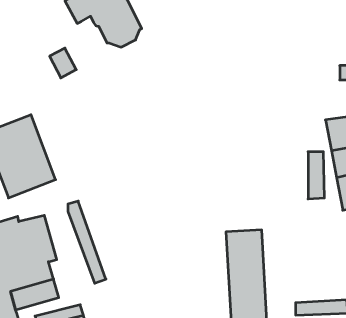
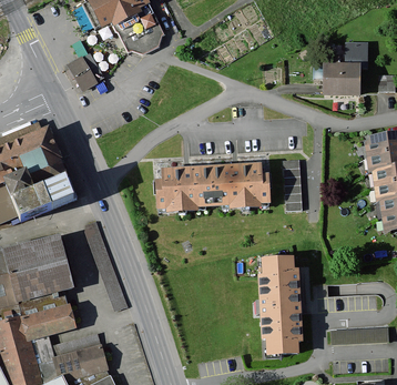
building: none -> [324,42,367,94]
building: none -> [154,162,269,207]
building: [308,152,324,199] -> [286,158,304,209]

